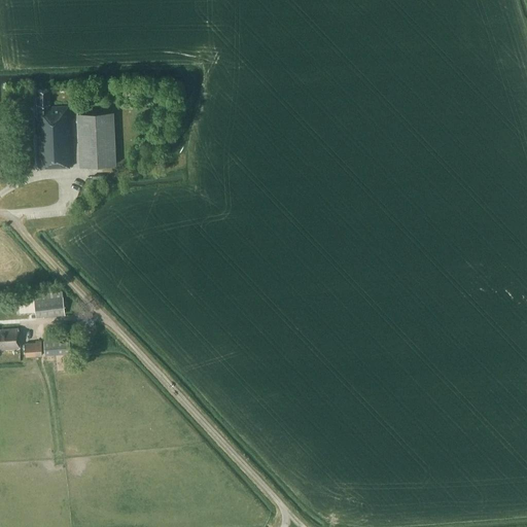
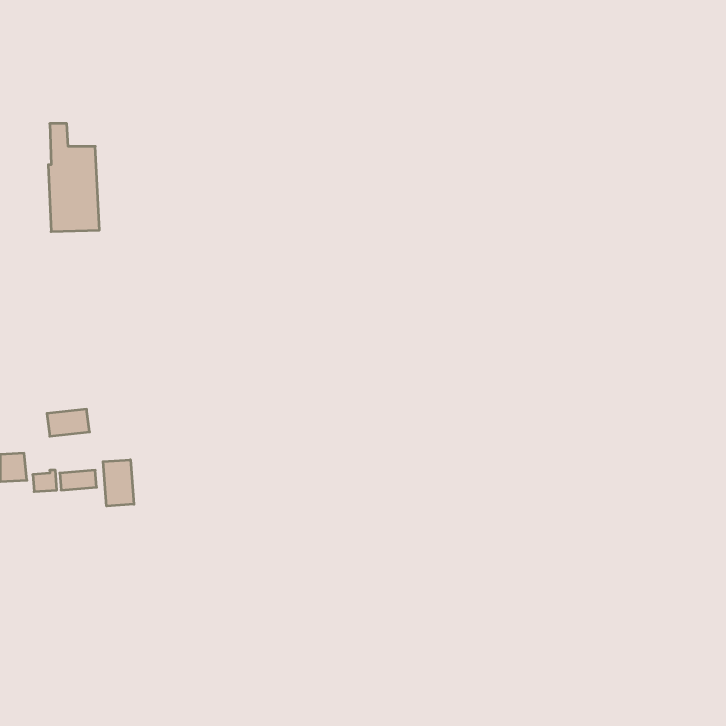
building: [77,111,115,166] -> none
building: none -> [103,460,134,506]

